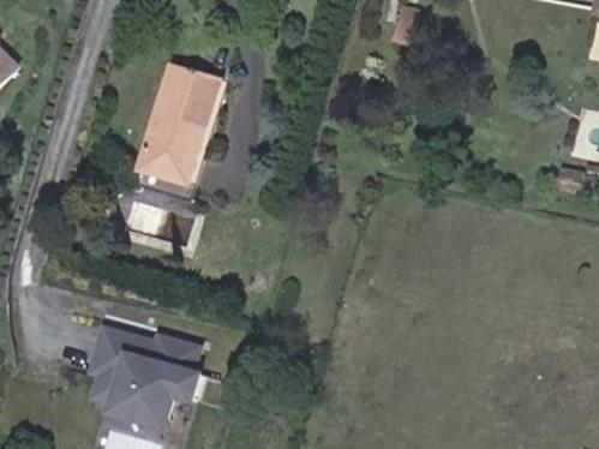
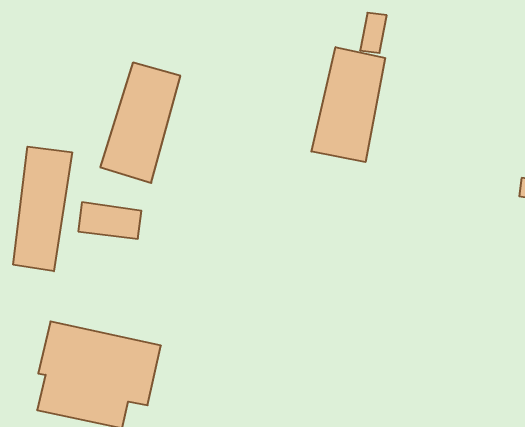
building: none -> [311,47,385,162]
building: none -> [13,147,72,271]

